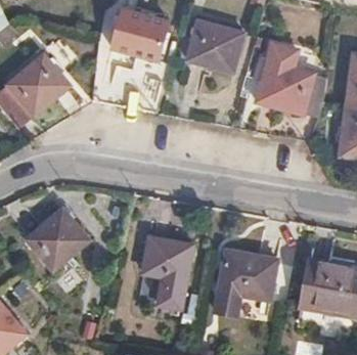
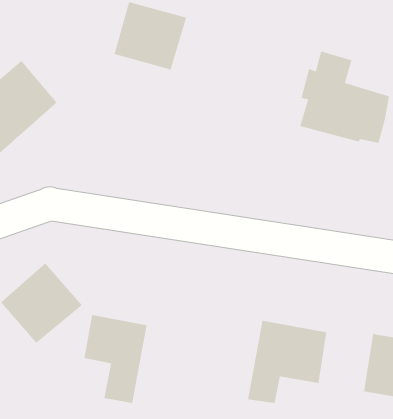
building: [187,19,241,74] -> none
building: [141,238,190,307] -> [83,314,147,404]

